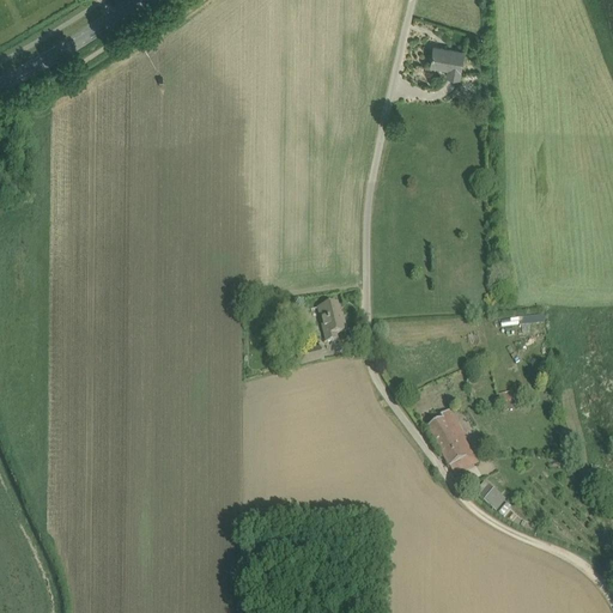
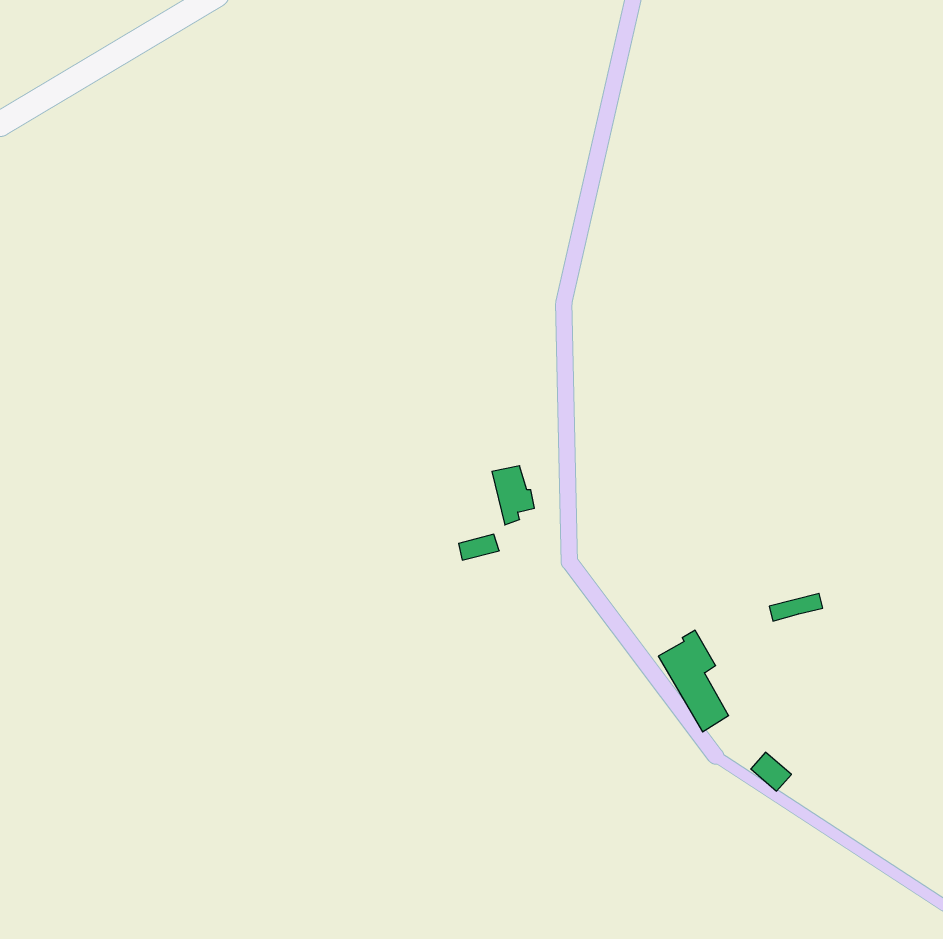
building: [431,43,465,73] -> none

